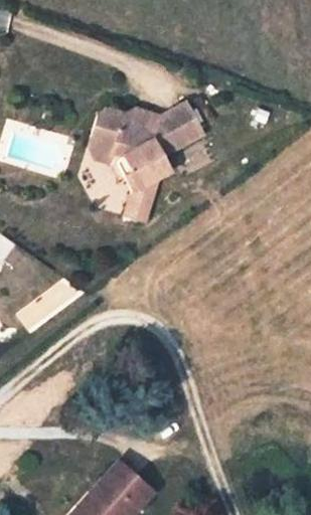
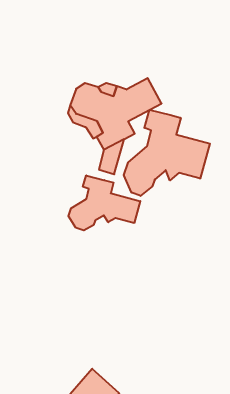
building: none -> [124,110,210,196]
building: none -> [68,175,140,230]

